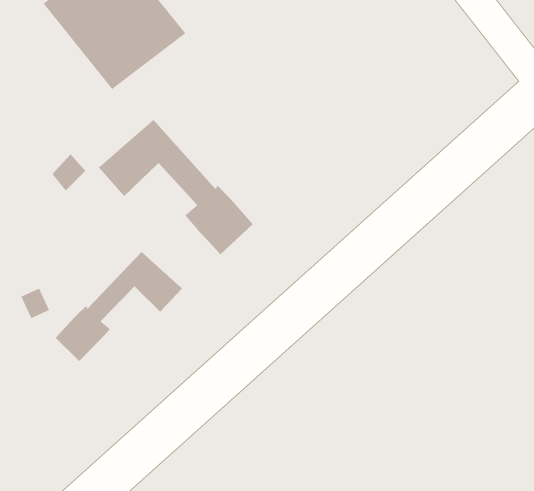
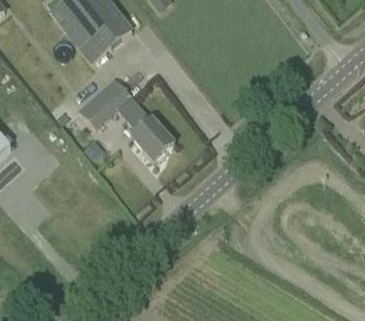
building: [55,251,183,362] -> none

